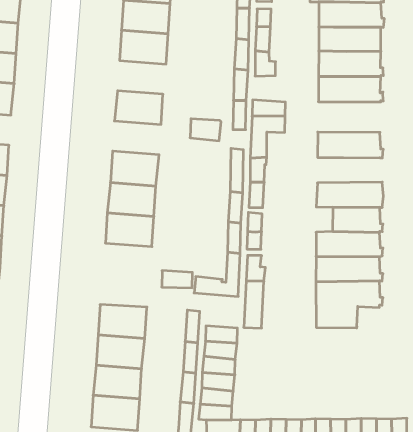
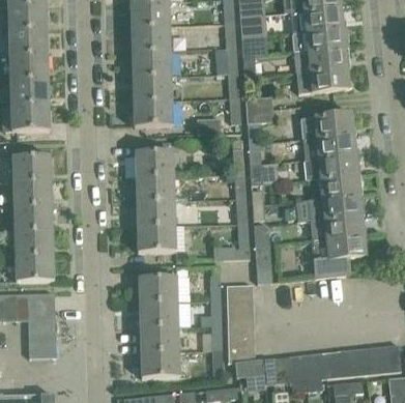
building: none -> [133,76,171,102]
building: none -> [302,134,357,160]
building: none -> [137,226,175,253]

